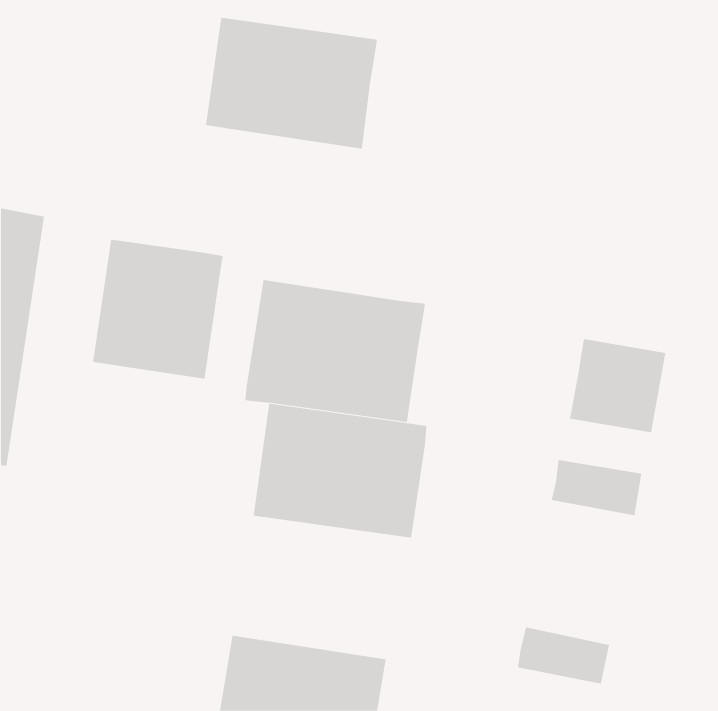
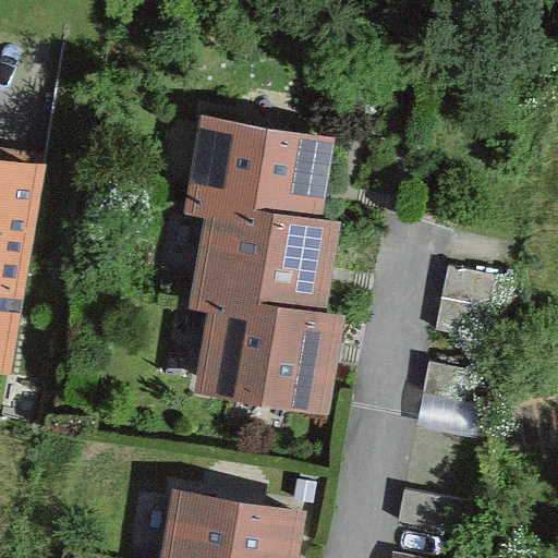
building: [205,17,378,149] -> [190,131,324,233]
building: [93,239,223,379] -> none

